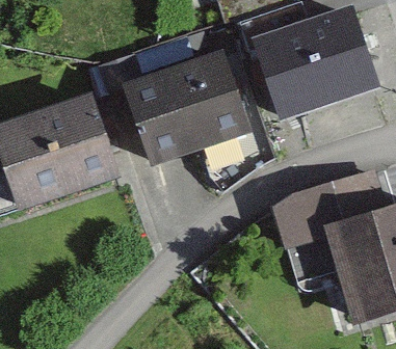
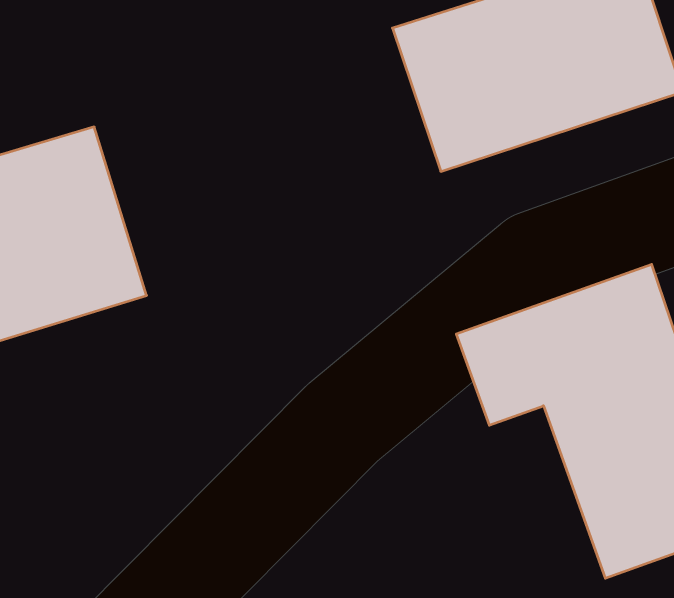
building: [107,55,235,166] -> none

